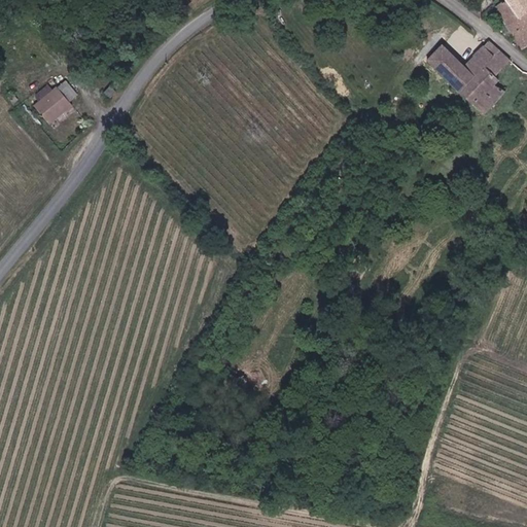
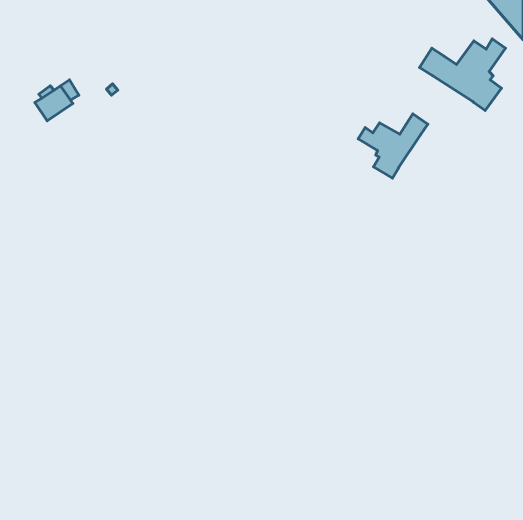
building: none -> [358,114,428,178]

